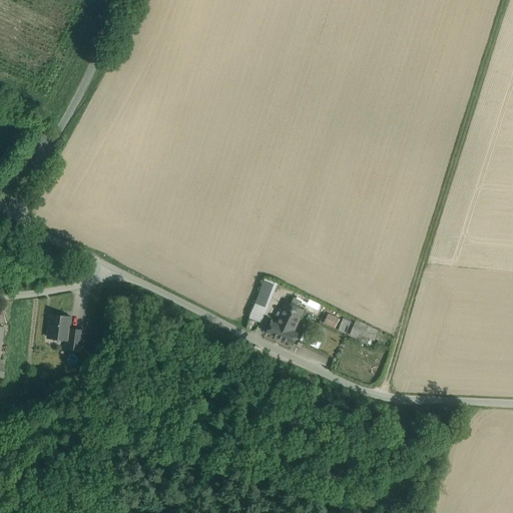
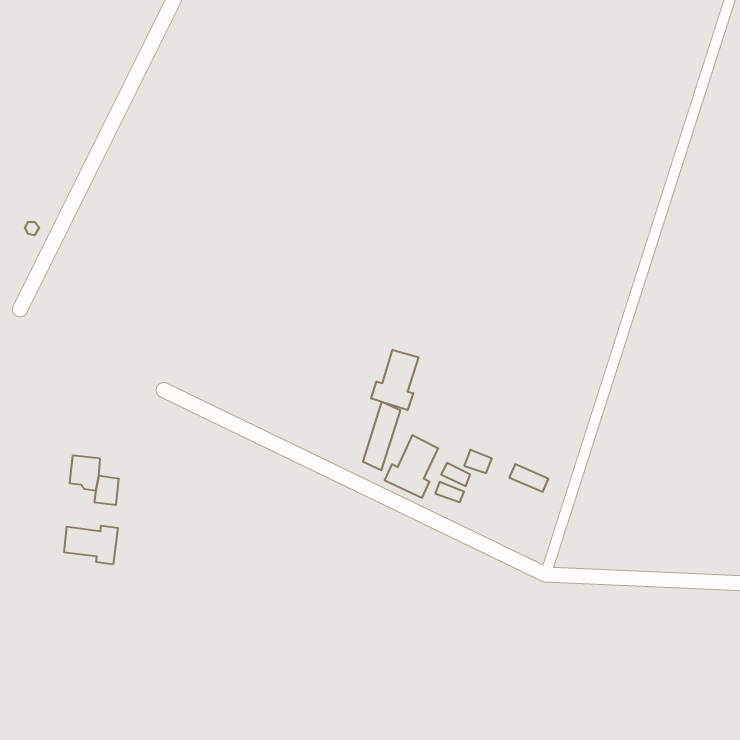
building: none -> [371,350,418,410]
building: none -> [64,526,118,564]

